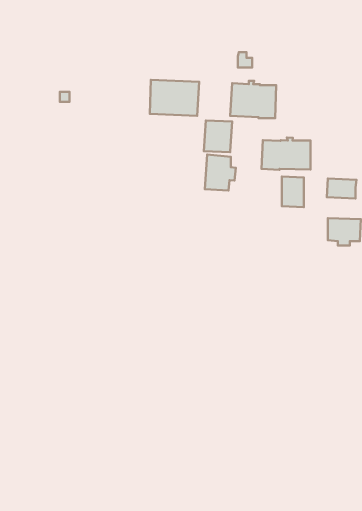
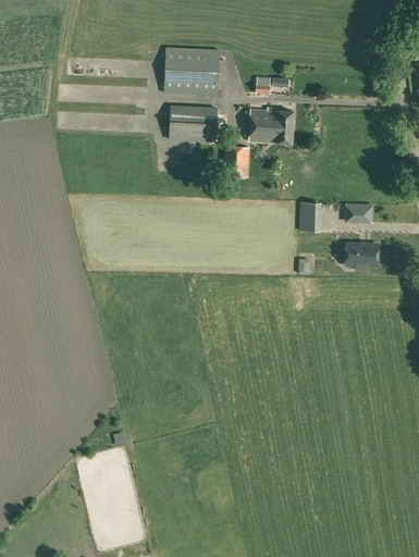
building: none -> [163,47,220,96]
building: [262,137,311,170] -> none
building: [205,154,236,190] -> none

